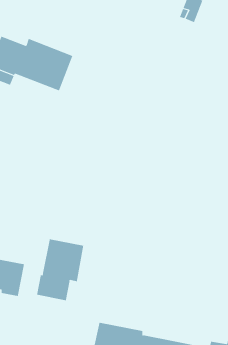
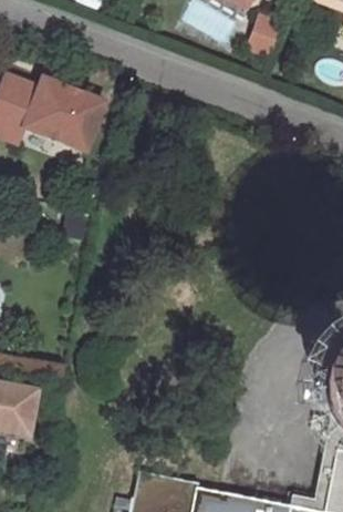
building: [37,238,84,301] -> none

